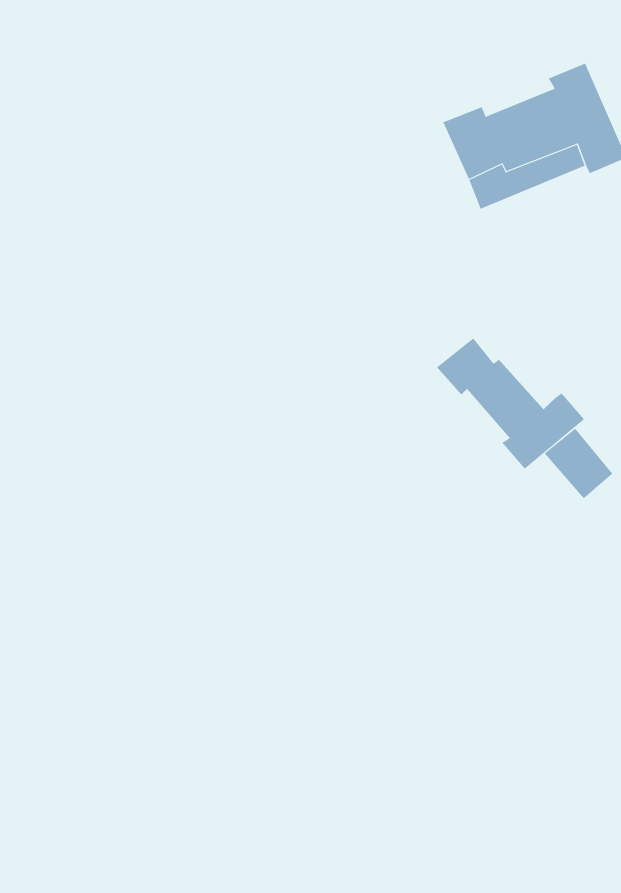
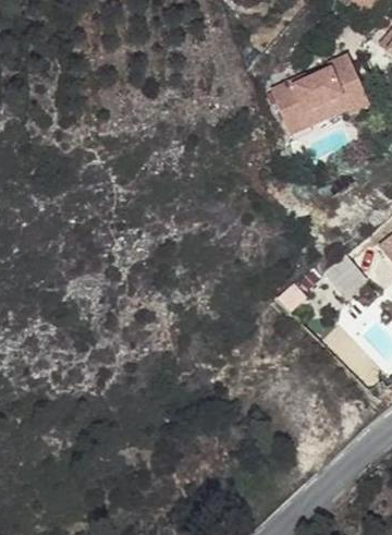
building: [436,337,585,469] -> none

